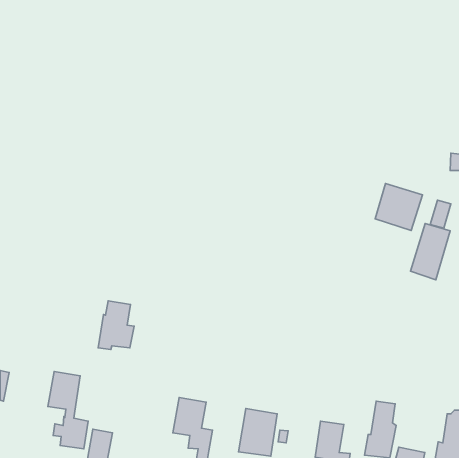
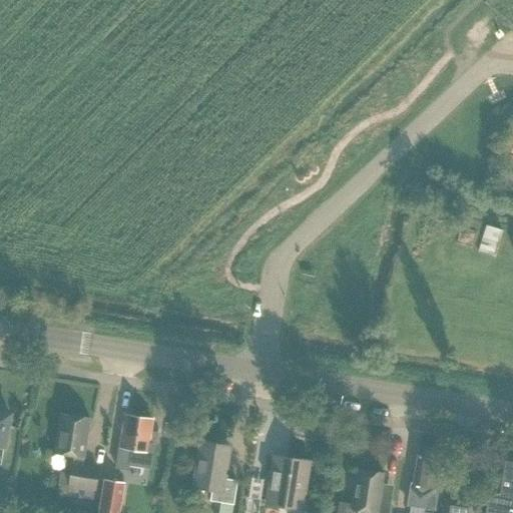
building: [375,184,423,230] -> none
building: [410,224,450,280] -> none
building: [98,301,134,350] -> [116,418,156,472]

